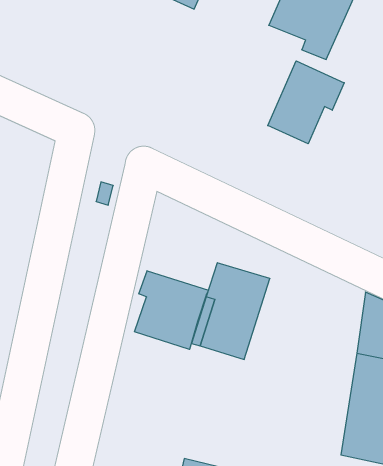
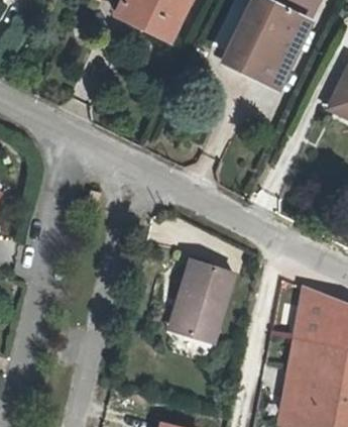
building: [268,61,344,144] -> none
building: [134,271,208,349] -> none

